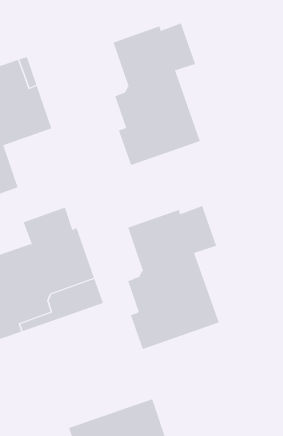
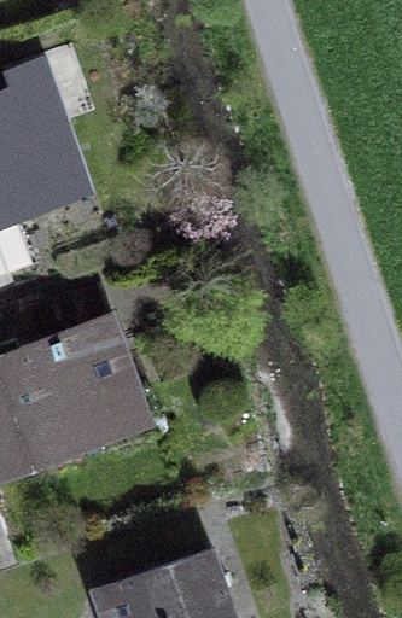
building: [113,22,201,166] -> none
building: [128,205,220,350] -> none

